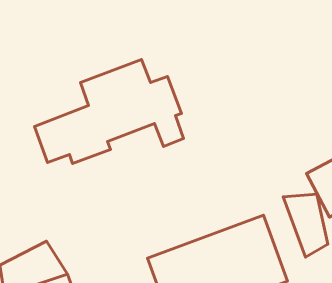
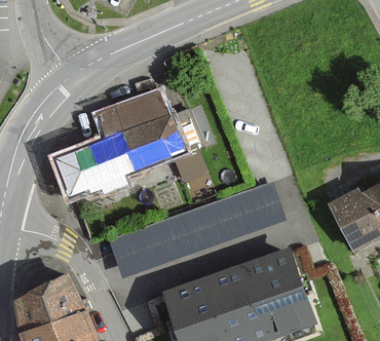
building: none -> [111,185,281,274]
building: [283,194,328,257] -> none

